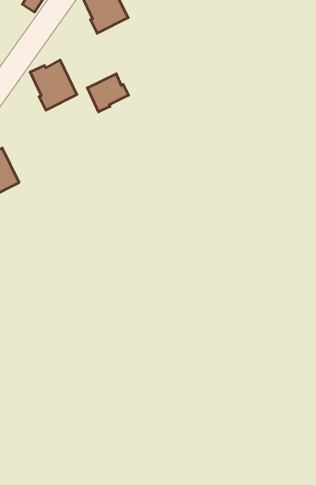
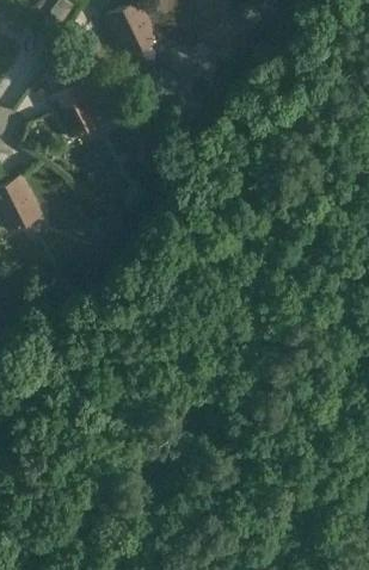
building: [87,74,129,112] -> none

